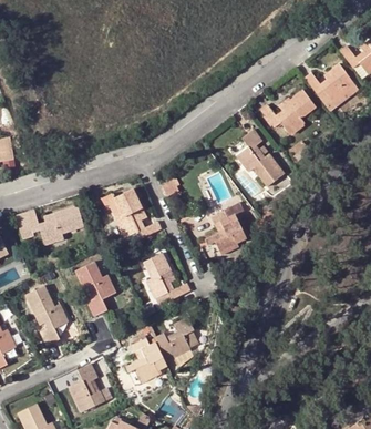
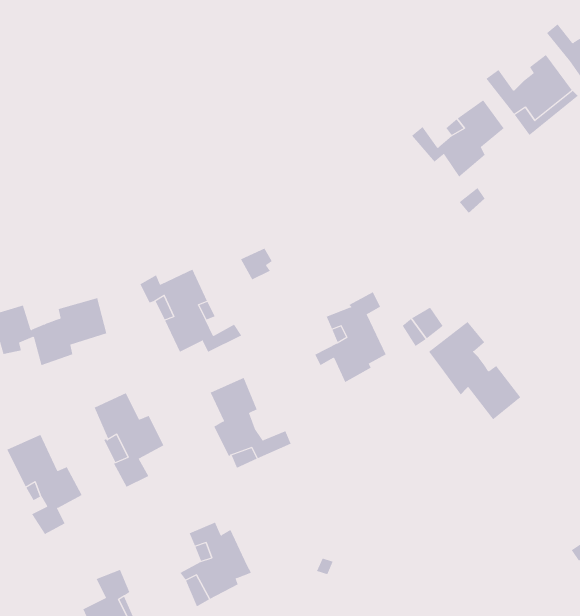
building: [229,129,284,186] -> [428,321,521,420]
building: [153,316,199,361] -> none

